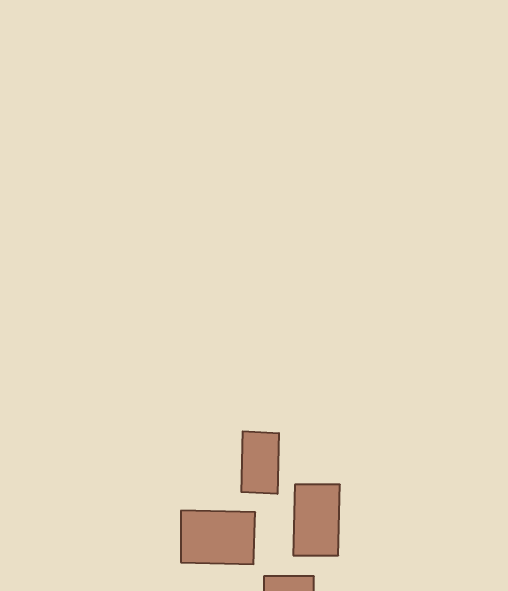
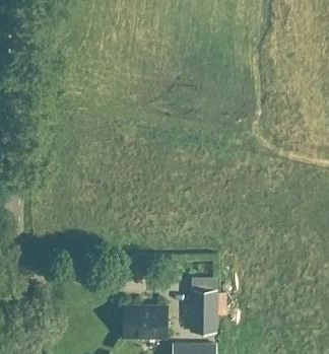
building: [241,431,279,494] -> none

